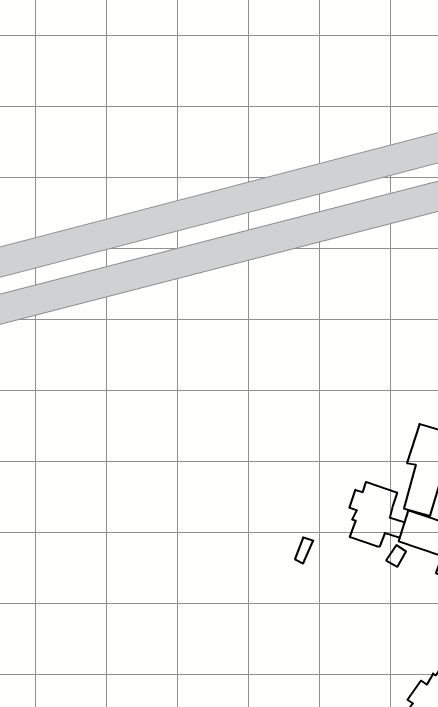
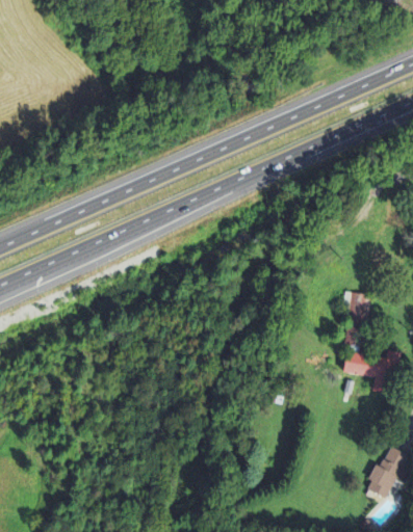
building: [350,482,405,547] -> none

